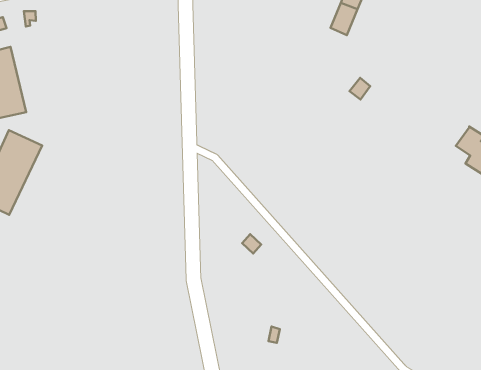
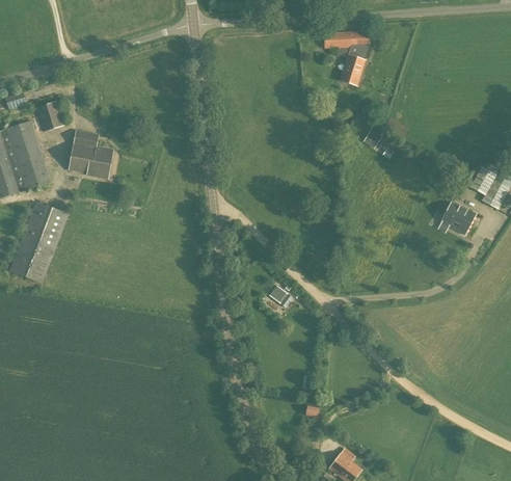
building: none -> [35,101,62,131]
building: none -> [68,129,112,178]
building: none -> [439,201,475,234]

